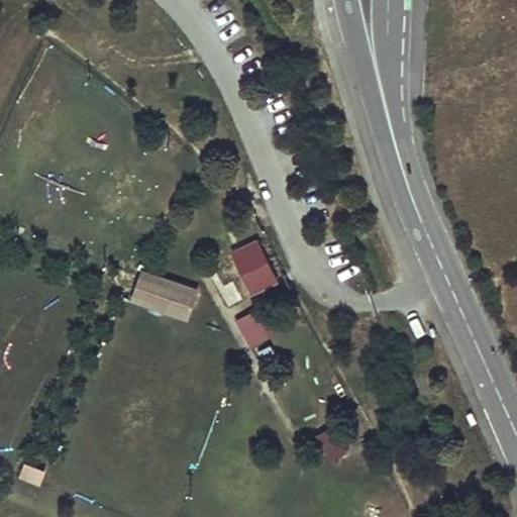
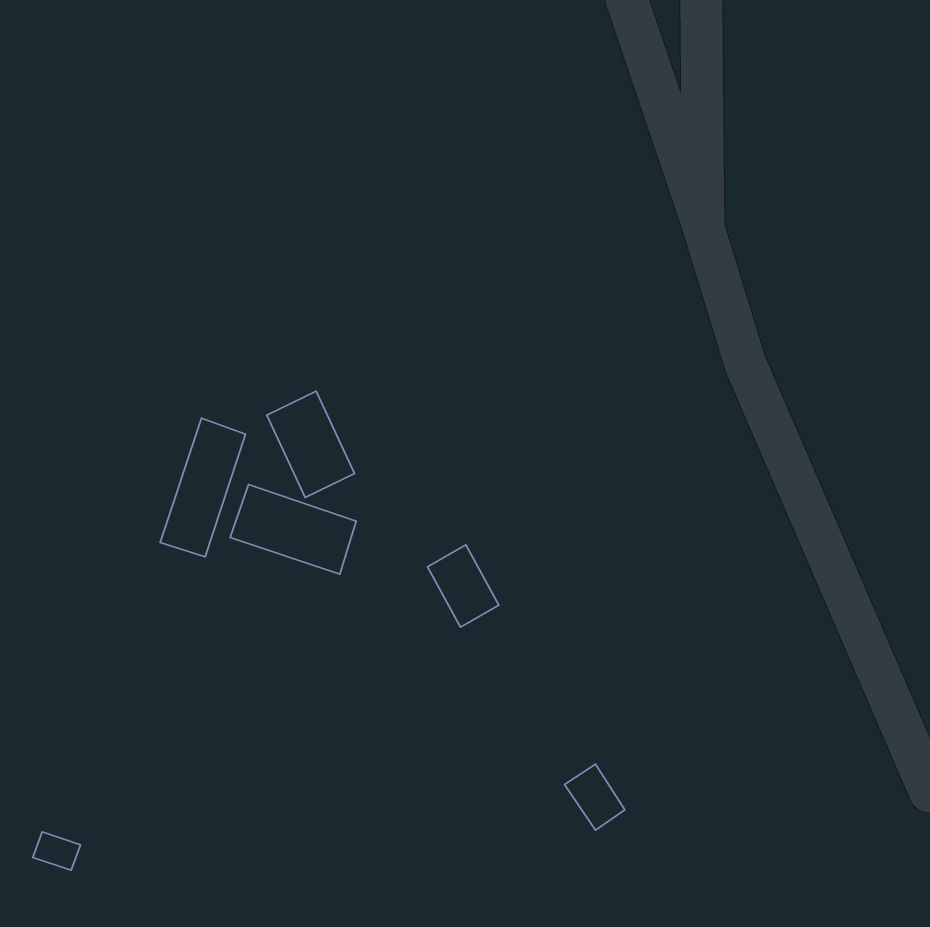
building: none -> [160,418,246,557]
building: [230,237,279,296] -> [267,391,355,497]

